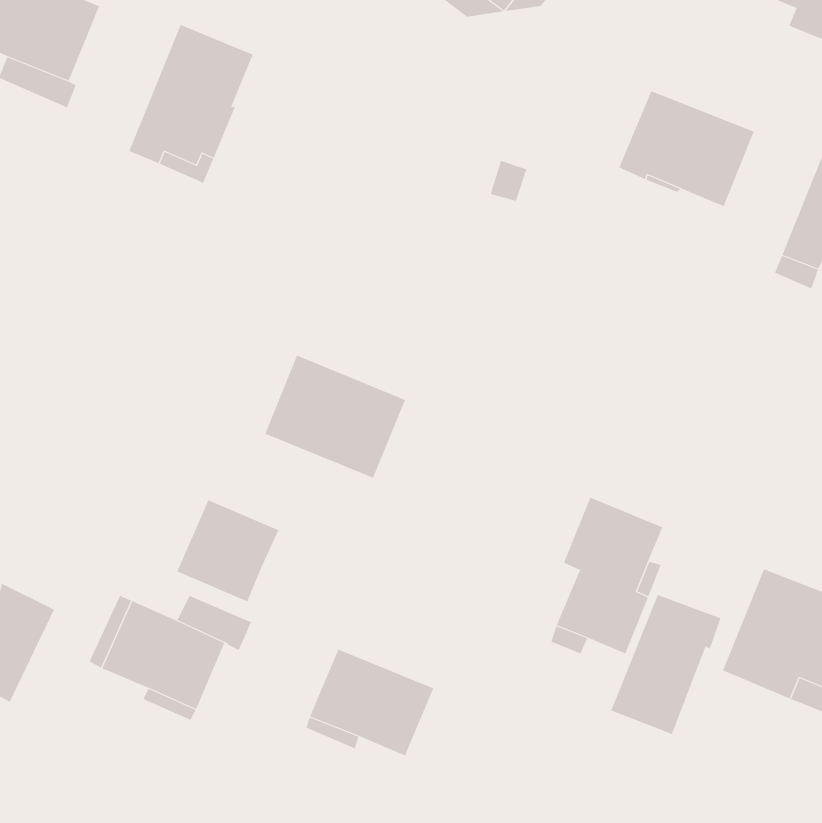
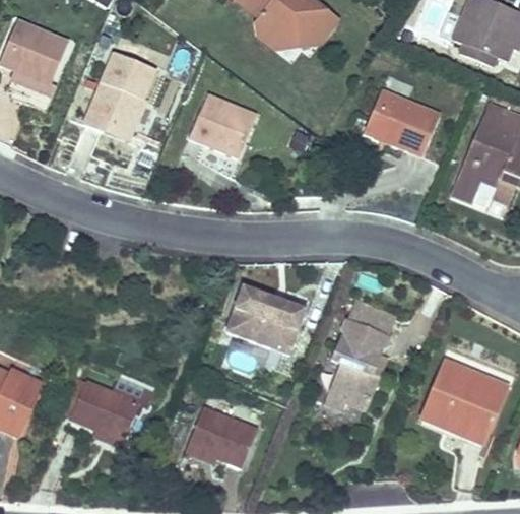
building: none -> [188,92,257,158]
building: [264,355,406,479] -> [225,284,306,355]
building: none -> [346,300,396,337]
building: [177,499,279,602] -> none
building: [611,594,721,735] -> none

